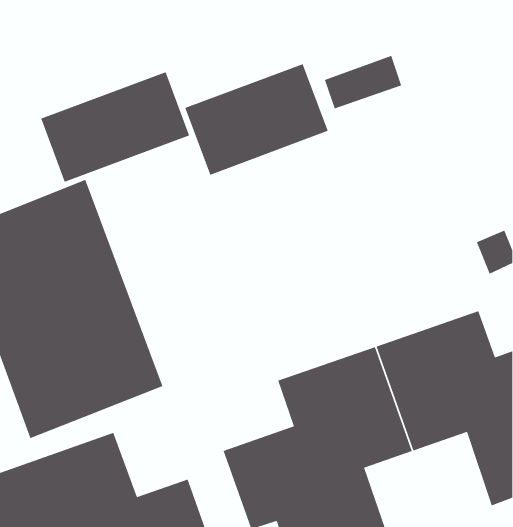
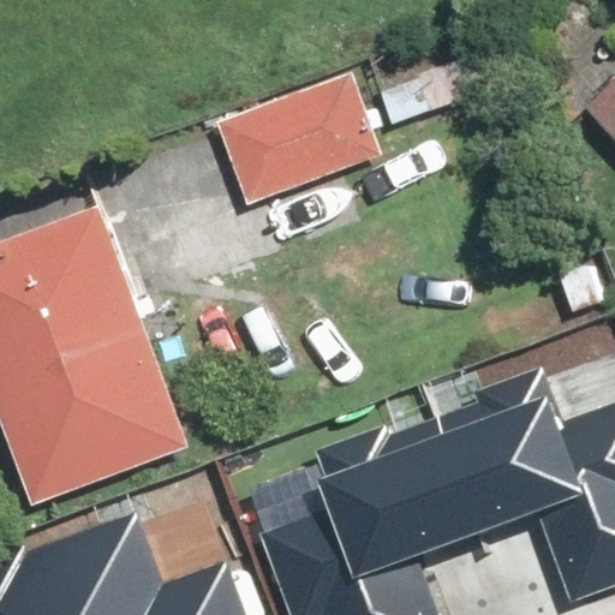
building: [40,71,190,183] -> none

